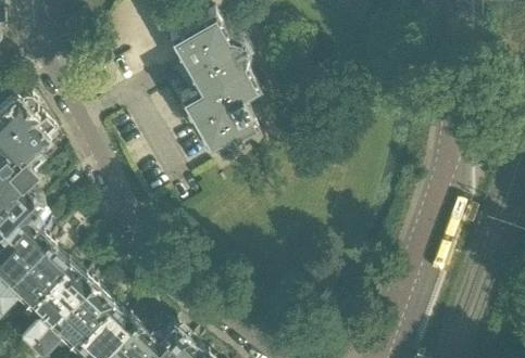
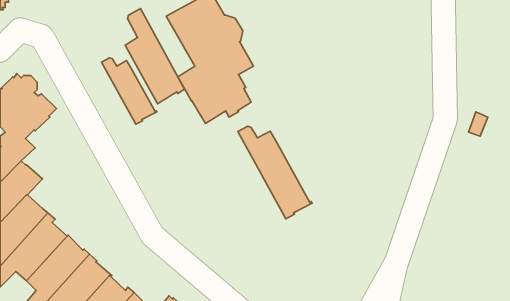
building: none -> [125,9,185,104]
building: none -> [102,58,157,124]
building: none -> [238,126,312,219]

